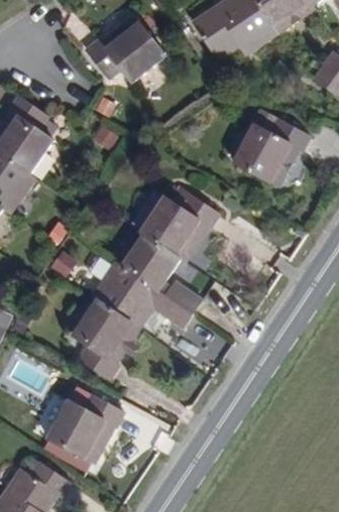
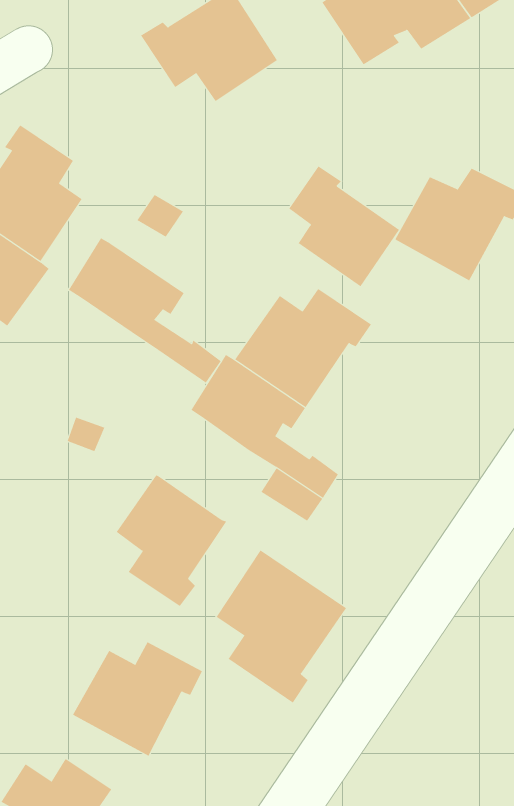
building: none -> [289,166,400,287]
building: none -> [68,237,221,383]
building: [98,264,151,324] -> none
building: none -> [216,549,347,703]

